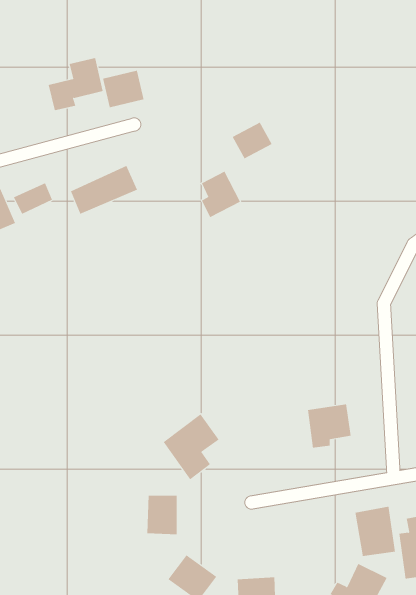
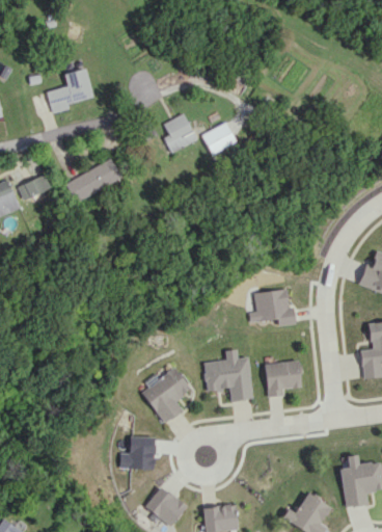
building: [103,70,144,108] -> none
building: [201,171,241,218] -> [163,113,196,153]
building: none -> [248,289,295,325]
building: none -> [203,349,252,401]
building: [355,506,396,557] -> none

